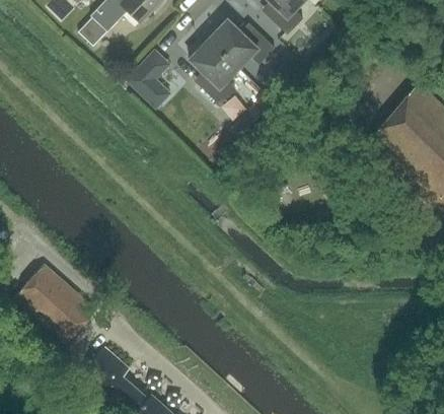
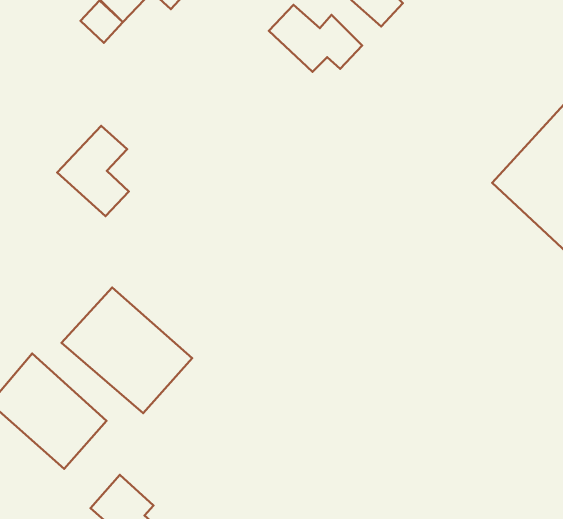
building: [188,38,238,106] -> none
building: [129,45,178,108] -> [57,126,129,216]
building: none -> [62,287,192,413]

